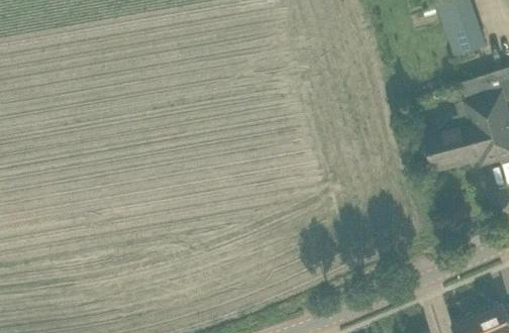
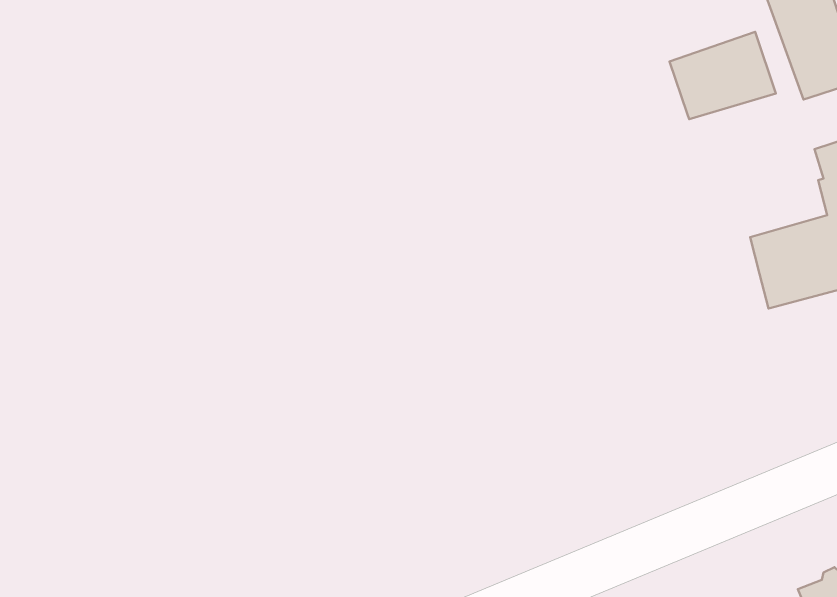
building: none -> [669,32,776,119]

